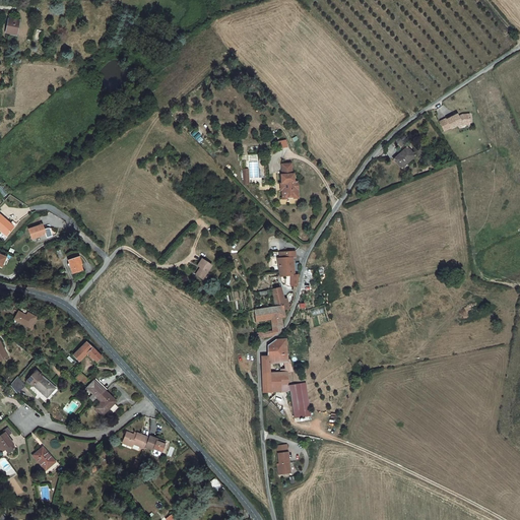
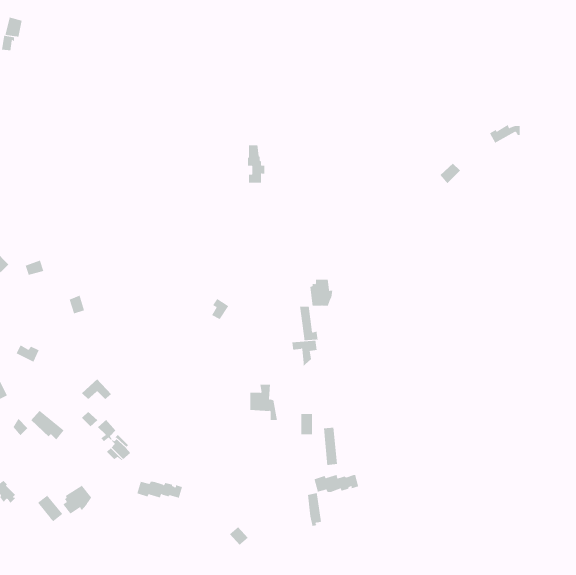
building: [280,164,297,198] -> [247,145,265,183]
building: [270,339,296,372] -> [249,384,278,420]
building: none -> [314,474,359,493]
building: none -> [62,485,92,514]

